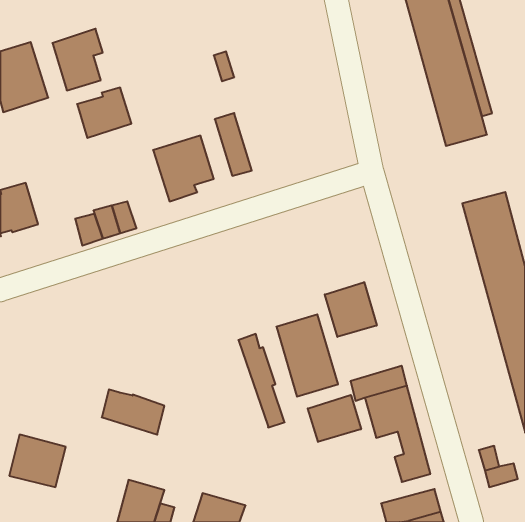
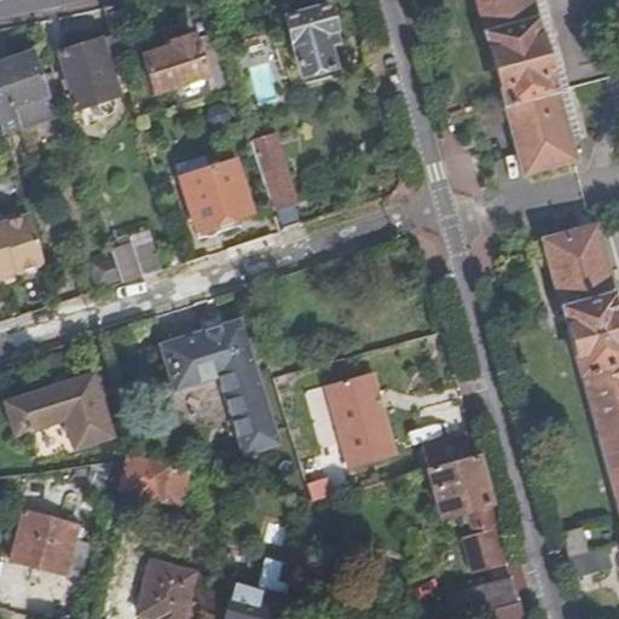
building: none -> [287,6,340,76]
building: [77,88,131,138] -> [144,34,208,93]
building: none -> [162,322,278,452]
building: [325,282,377,337] -> none
building: none -> [5,375,114,452]
building: [308,395,361,442] -> none

